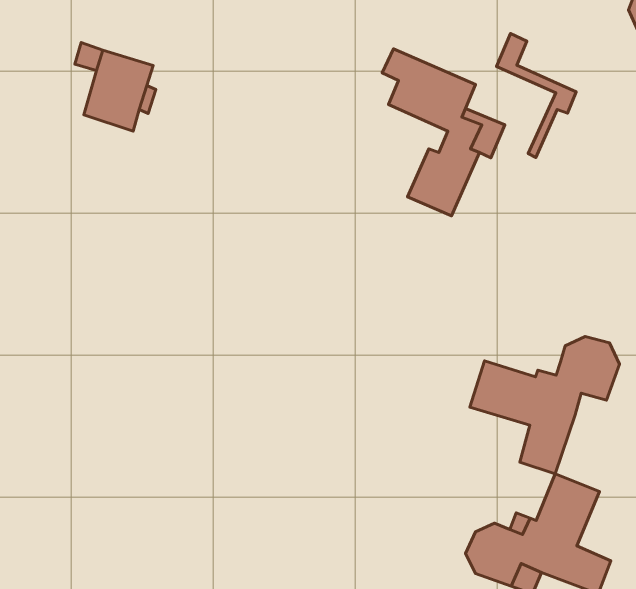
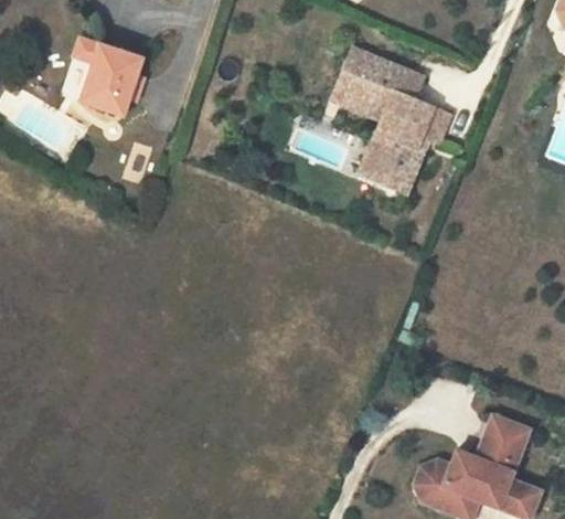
building: [497,34,576,157] -> [330,65,399,173]
building: [470,337,619,474] -> none

